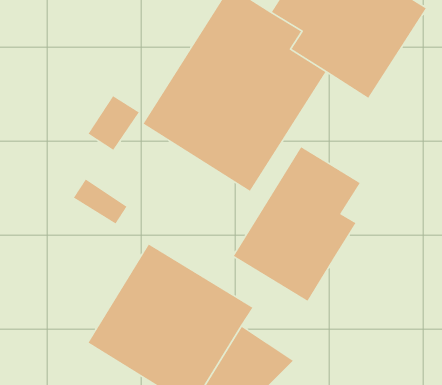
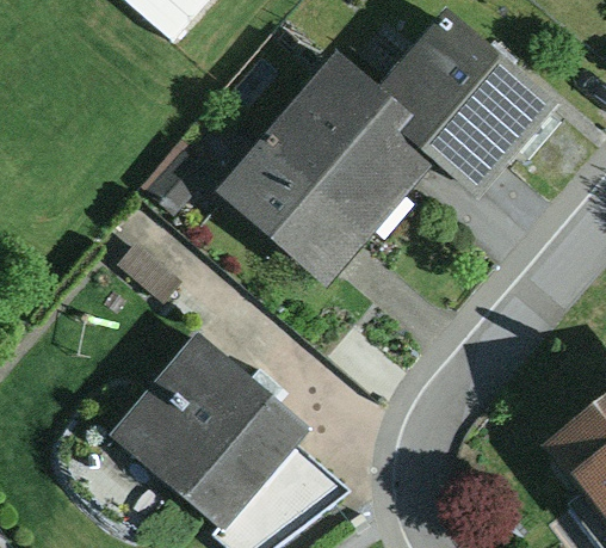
building: [233,146,361,302] -> none

